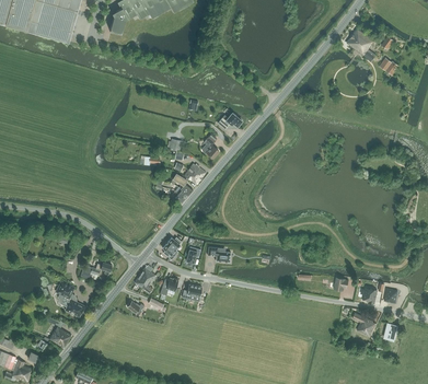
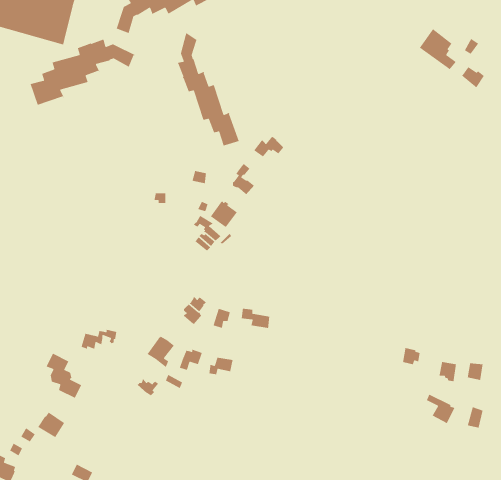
building: none -> [177,29,240,147]
building: none -> [29,38,138,106]

